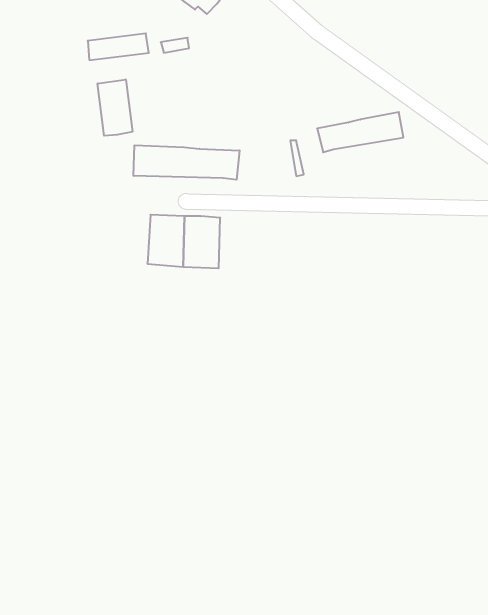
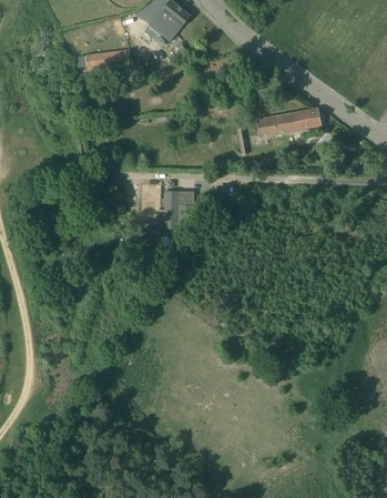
building: [98,79,132,136] -> none
building: [134,145,240,180] -> none

